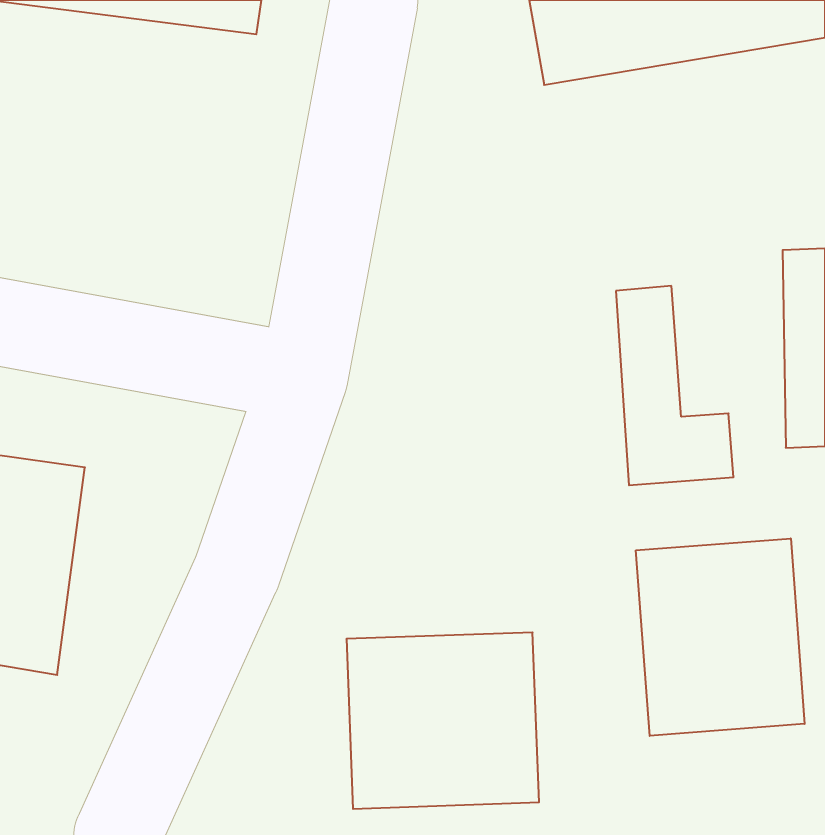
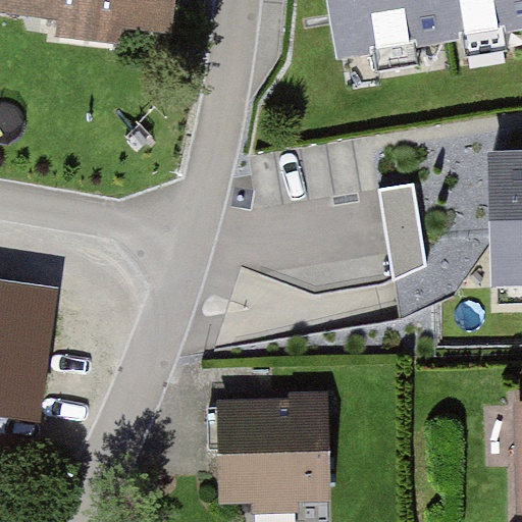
building: [636,538,805,736] -> none

